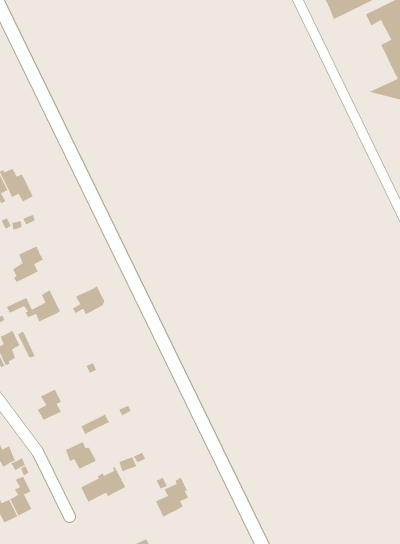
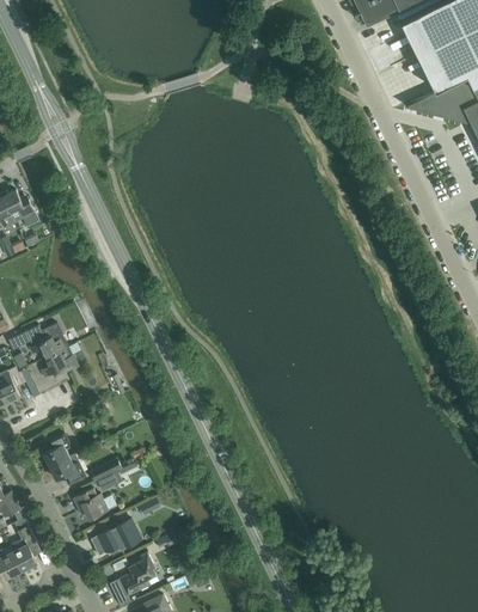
building: [12,245,44,283] -> none
building: [72,286,105,315] -> [41,347,76,379]
building: none -> [49,454,85,485]
building: [155,477,189,518] -> [118,552,155,596]

